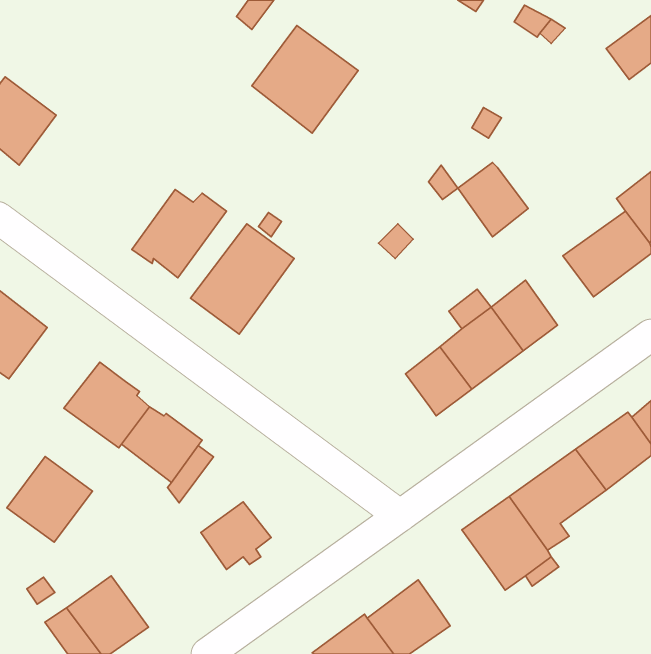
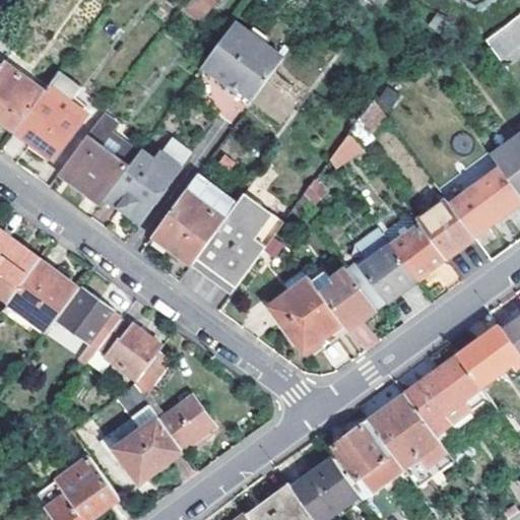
building: none -> [15,65,87,159]
building: none -> [65,117,139,200]
building: [458,163,528,237] -> [415,199,471,258]
building: none -> [190,196,281,294]
building: none -> [270,282,341,352]
building: [7,457,93,542] -> [7,260,75,328]
building: none -> [114,409,180,483]
building: none -> [325,420,401,489]

